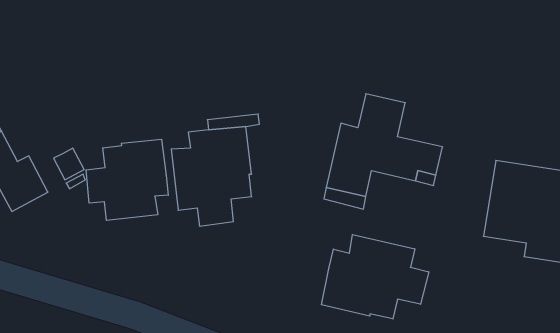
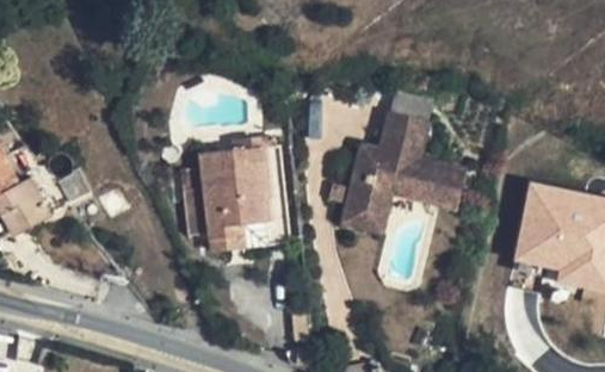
building: [86,139,168,220] -> none
building: [321,235,429,319] -> none

